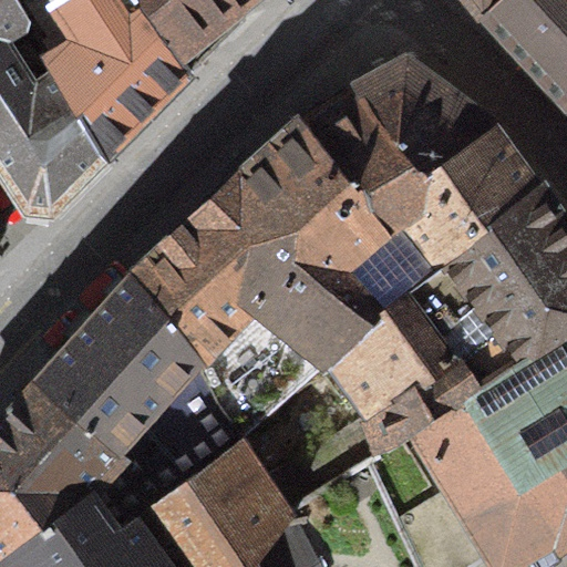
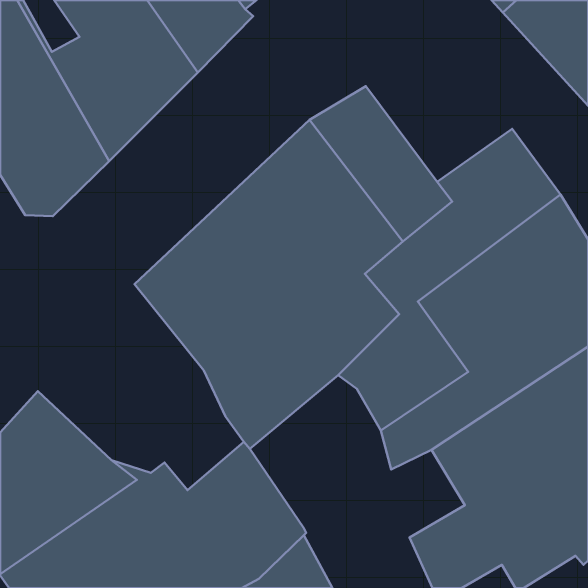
building: [352,54,493,175] -> none
building: [37,274,235,472] -> none

